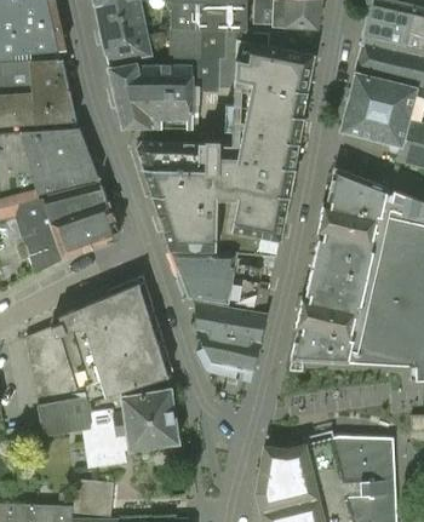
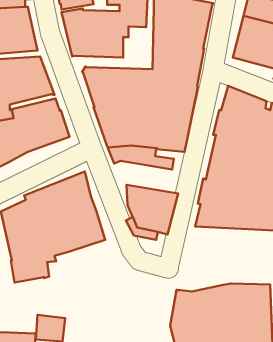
building: [179,270,258,306] -> none
building: [84,389,179,466] -> none

